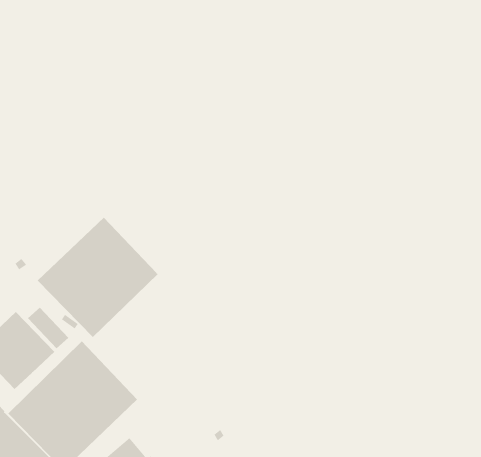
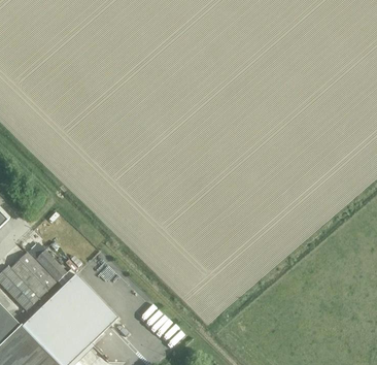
building: [37,217,158,338] -> none

